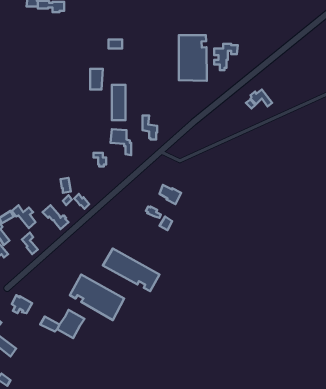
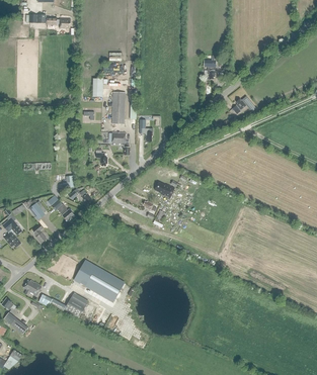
building: [179,35,207,81] -> none
building: [103,248,159,291] -> none

